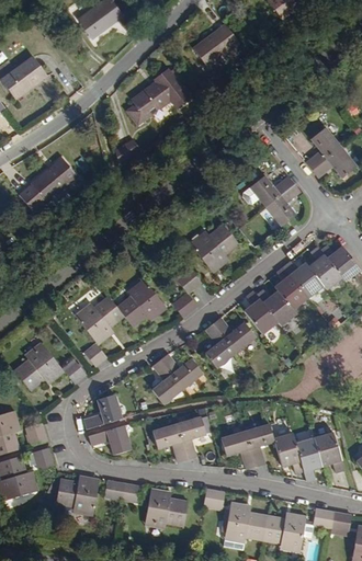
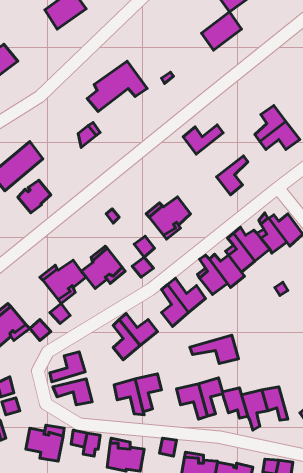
building: [194,28,238,70] -> [202,12,242,50]
building: [251,171,295,203] -> [183,125,223,154]
building: none -> [18,180,51,213]
building: none -> [190,335,238,364]

